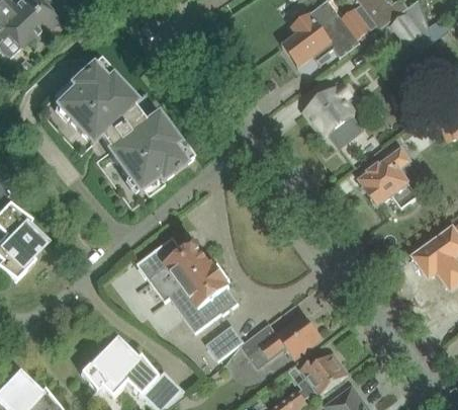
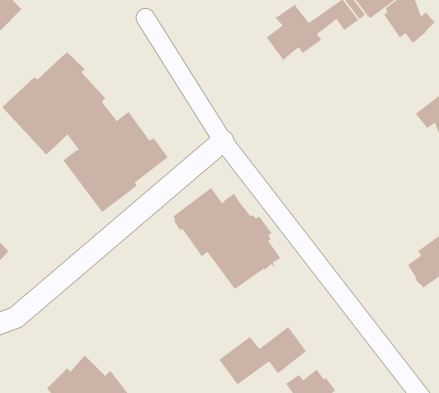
building: [306,82,362,146] -> none
building: [366,149,419,207] -> none
building: [138,237,239,332] -> [172,187,281,290]
building: [206,324,245,359] -> none

